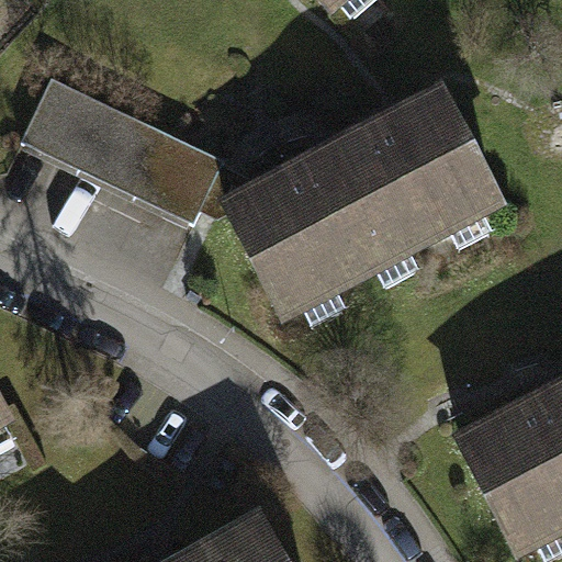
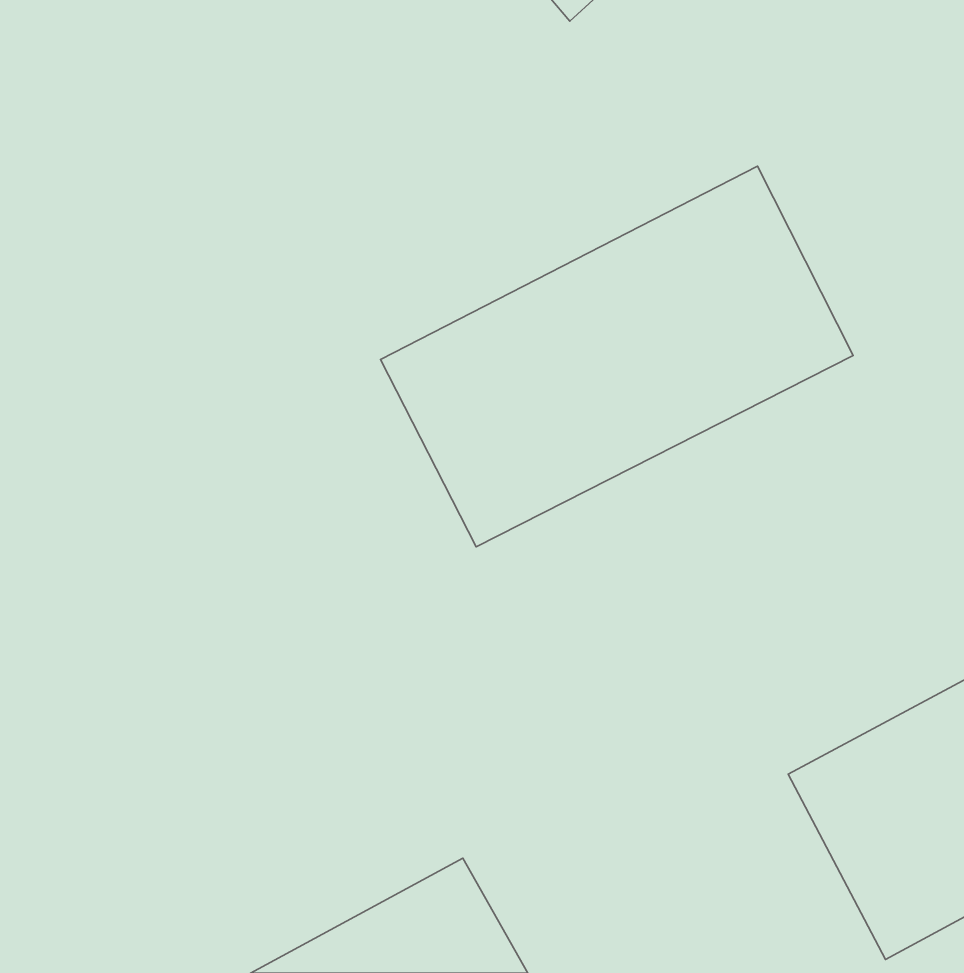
building: [21,78,222,225] -> none

